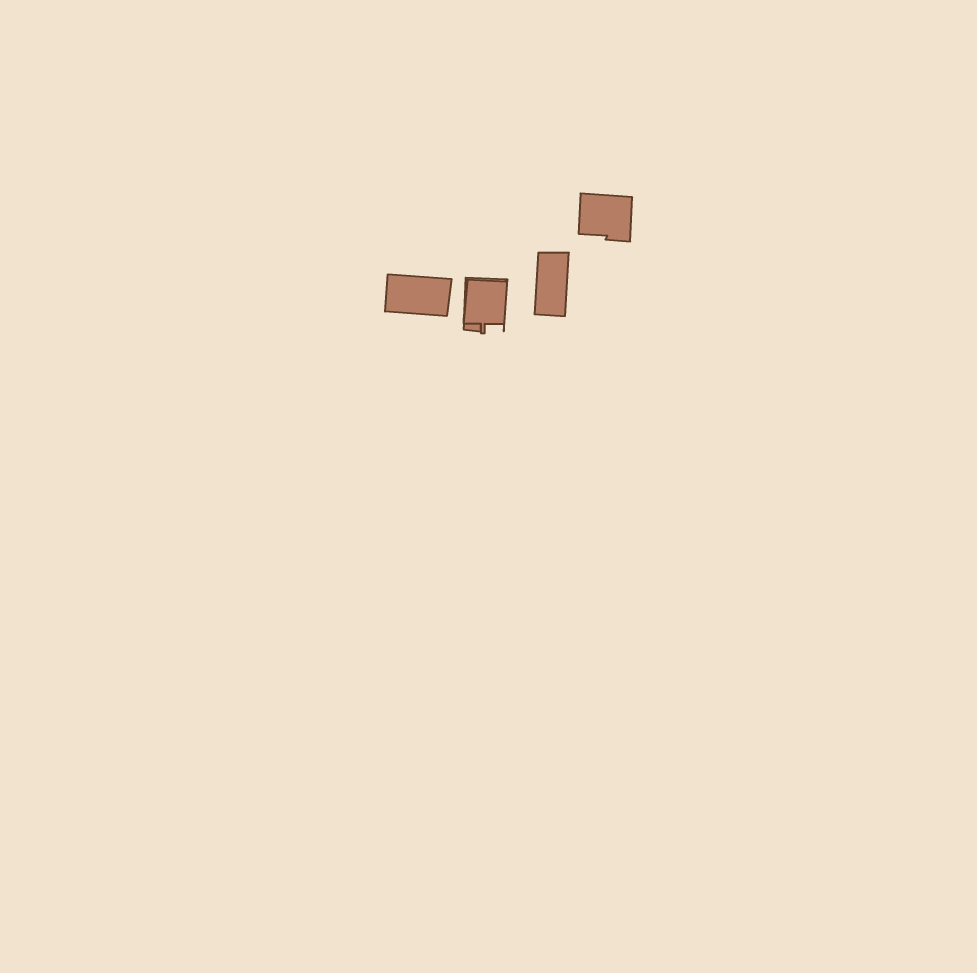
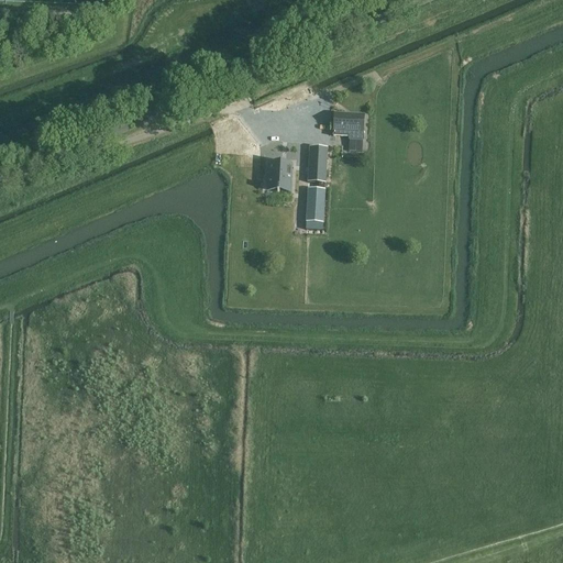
building: [385,274,451,316] -> none
building: none -> [305,187,324,221]

